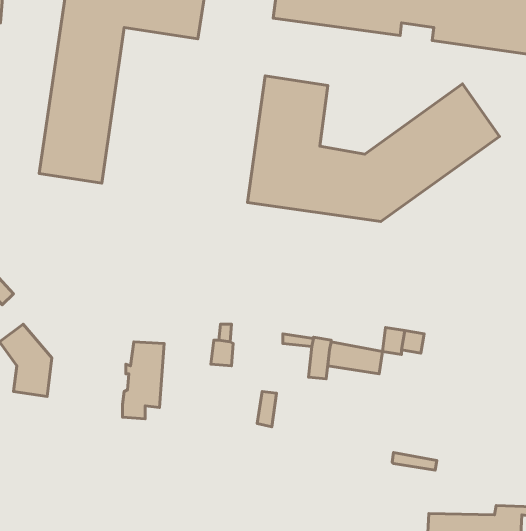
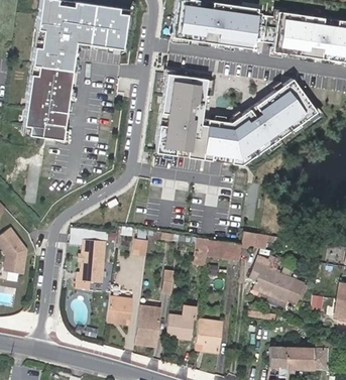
building: none -> [248,256,305,308]
building: none -> [107,297,130,324]
building: none -> [166,304,196,339]
building: none -> [134,306,159,347]
building: none -> [195,318,222,351]

